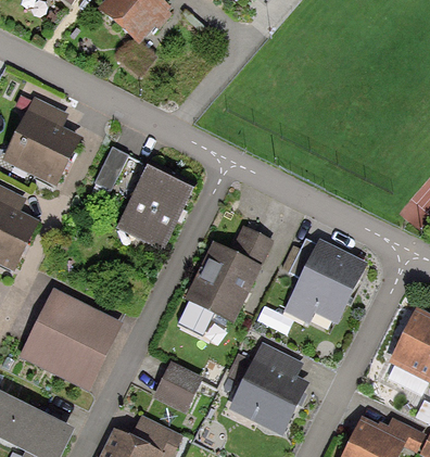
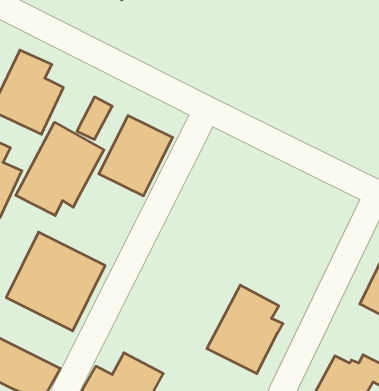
building: none -> [16,122,104,216]
building: [178,224,274,341] -> none
building: [283,238,366,322] -> none
building: [153,359,205,412] -> none

